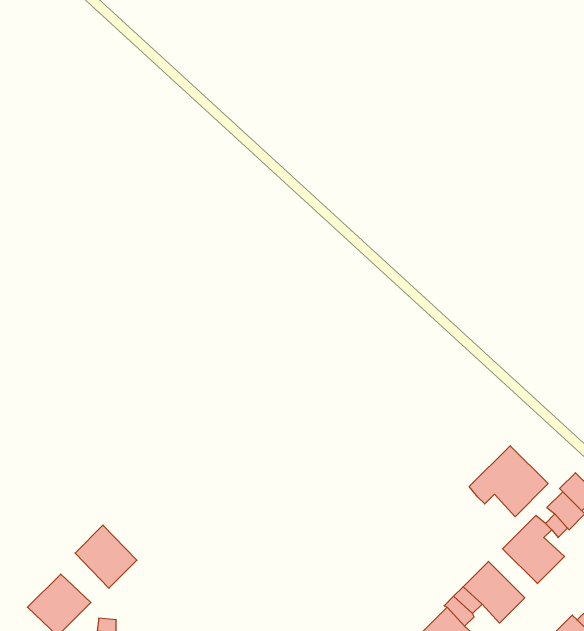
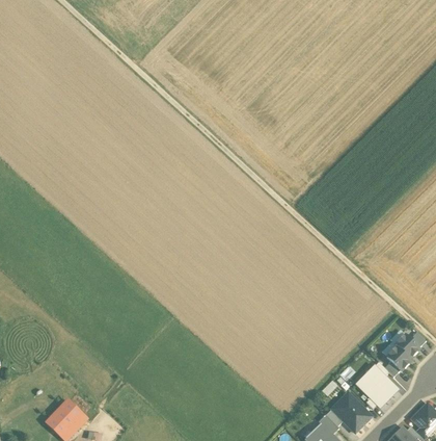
building: [469,446,548,517] -> none
building: [75,525,137,588] -> none

